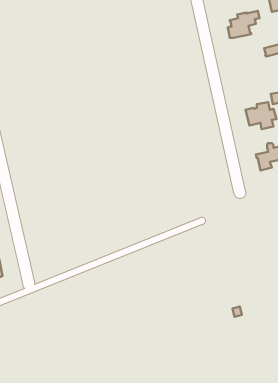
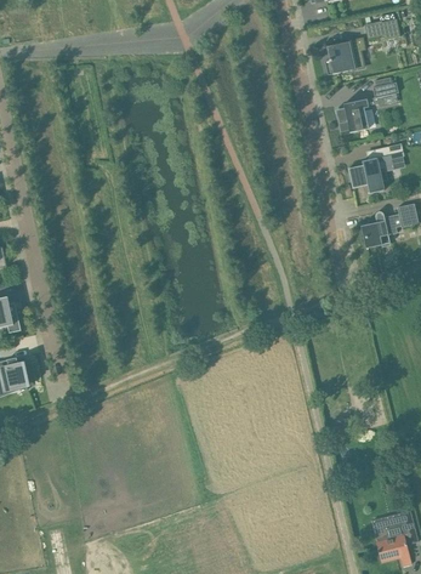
building: none -> [335,98,368,132]

